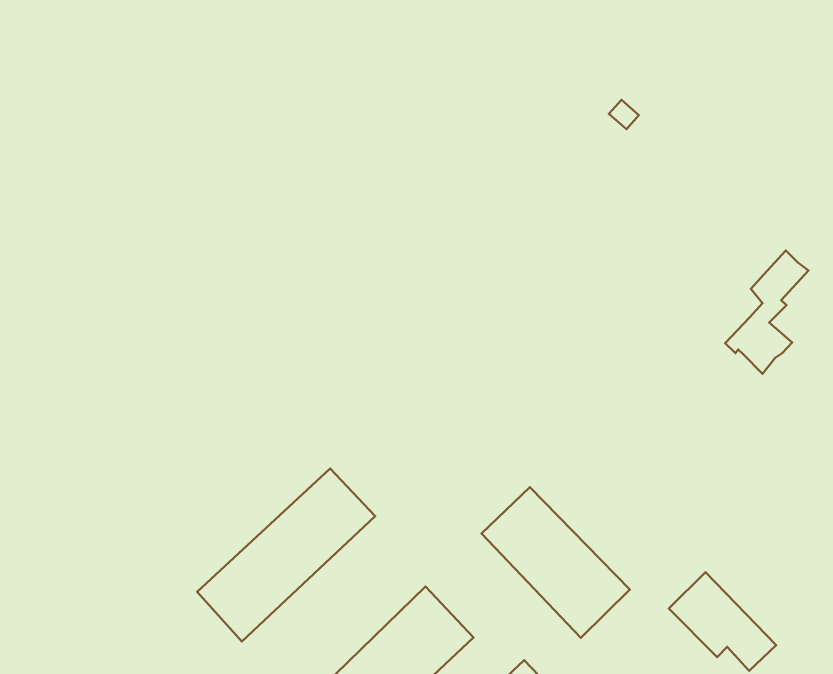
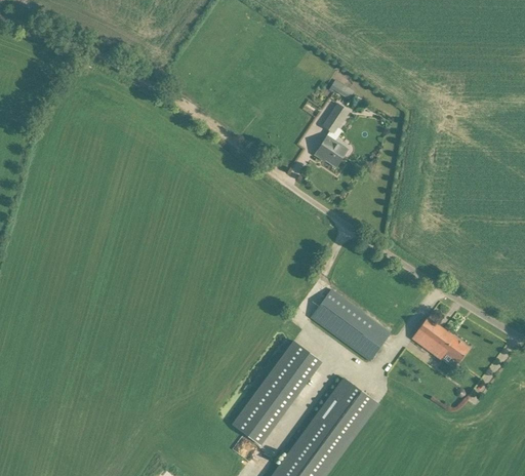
building: [725,250,809,374] -> [315,103,351,167]
building: [197,469,375,642] -> none

